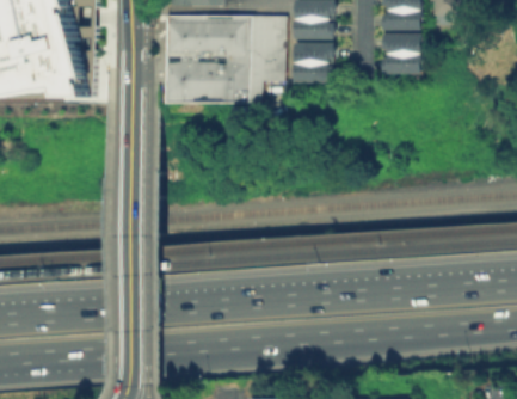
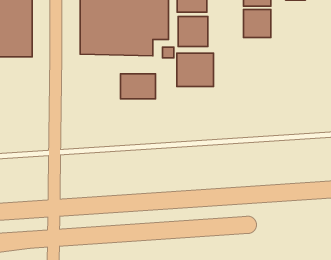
building: none -> [177,53,213,87]
building: none -> [120,74,156,99]

